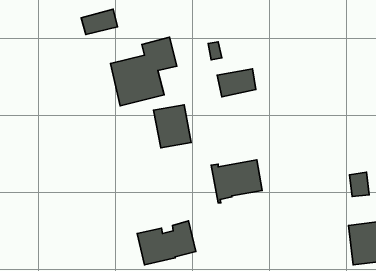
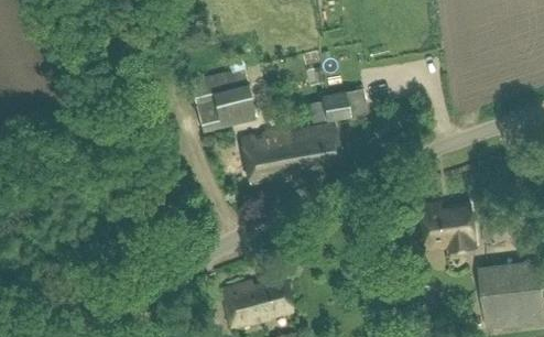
building: [81,9,117,35] -> none
building: [211,160,262,203] -> [279,124,341,177]
building: none -> [423,204,478,251]

